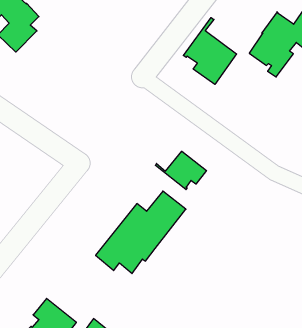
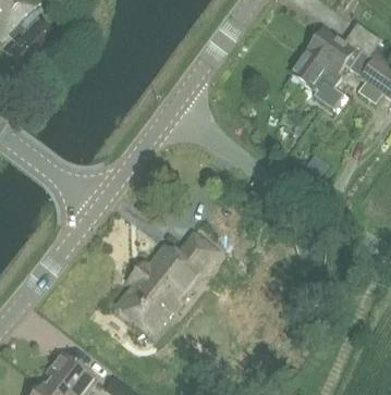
building: [183,18,237,84] -> none
building: [155,151,206,190] -> none

